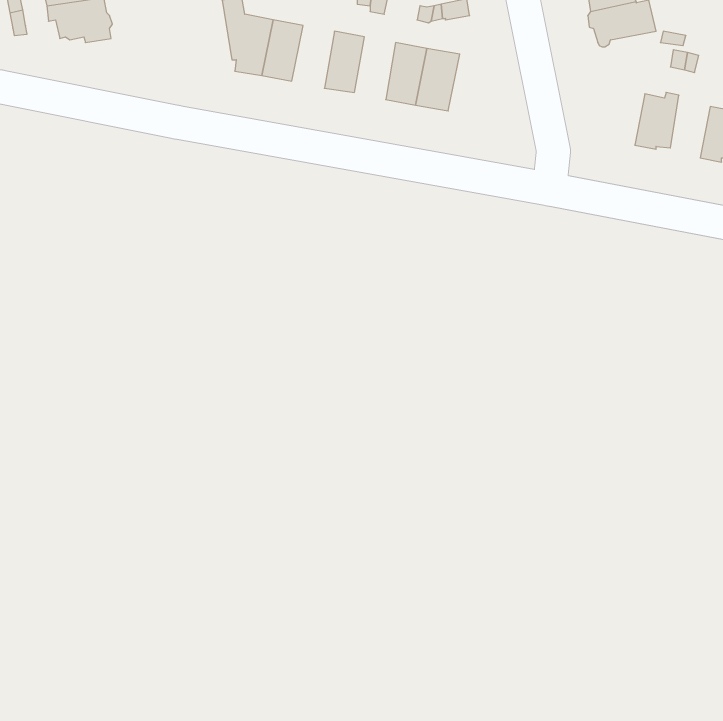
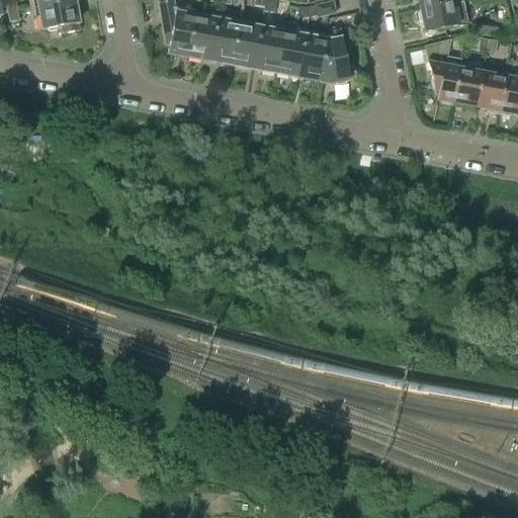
building: none -> [210,18,241,63]
building: none -> [255,26,284,71]
building: none -> [322,26,351,84]
building: none -> [427,37,462,103]
building: none -> [480,68,508,112]

